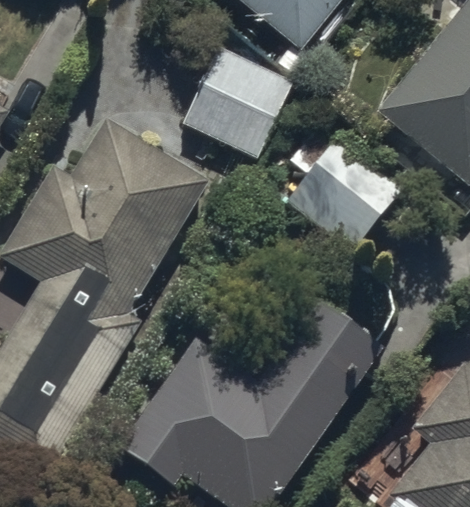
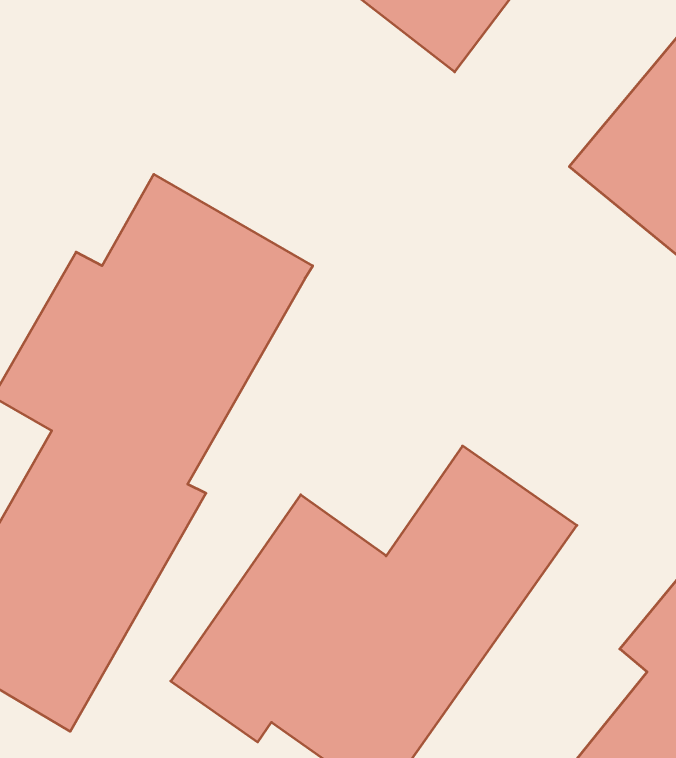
building: [180,42,297,160] -> none
building: [279,144,399,262] -> none

